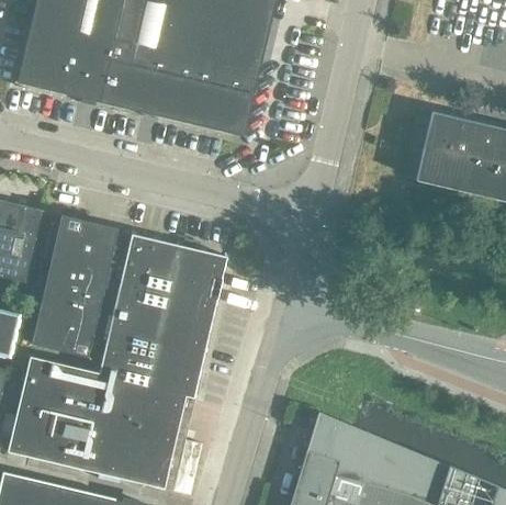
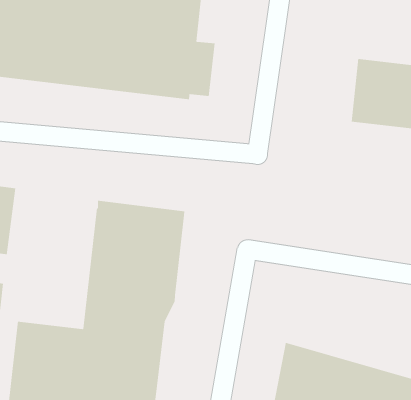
building: [31,215,117,356] -> none

